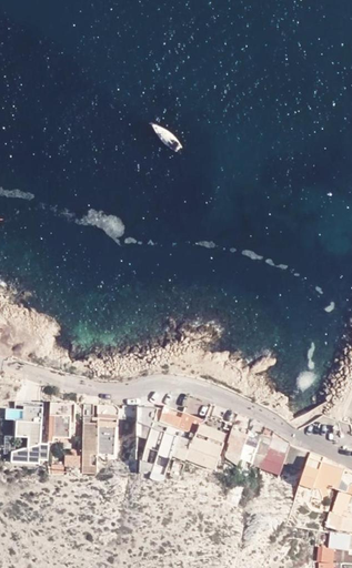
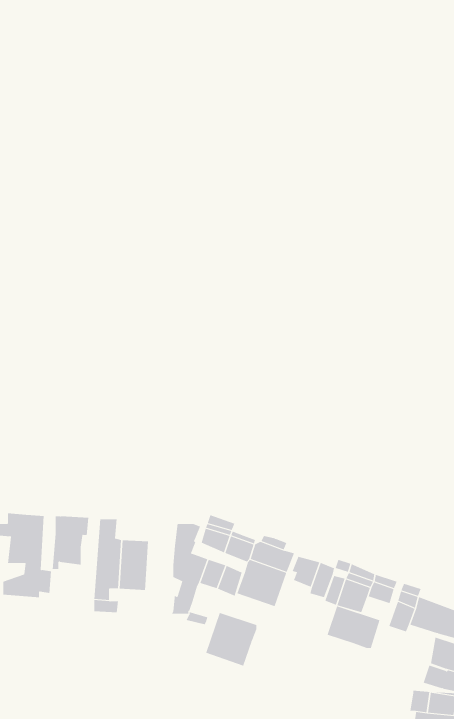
building: none -> [327,605,380,649]
building: none -> [205,612,257,667]

